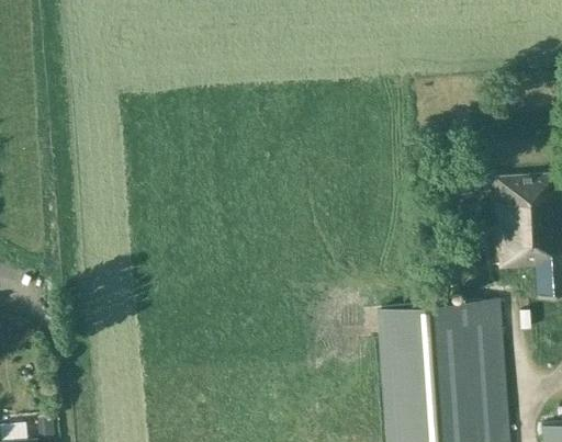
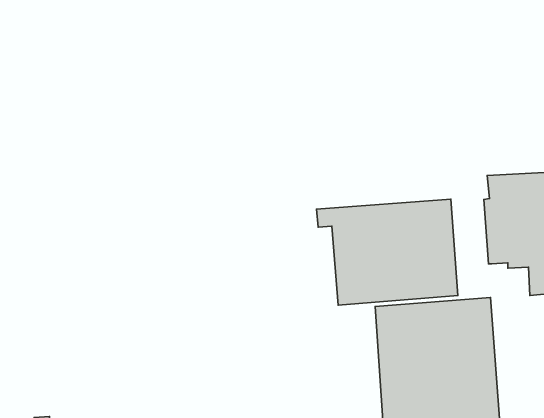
building: none -> [316,199,458,305]

